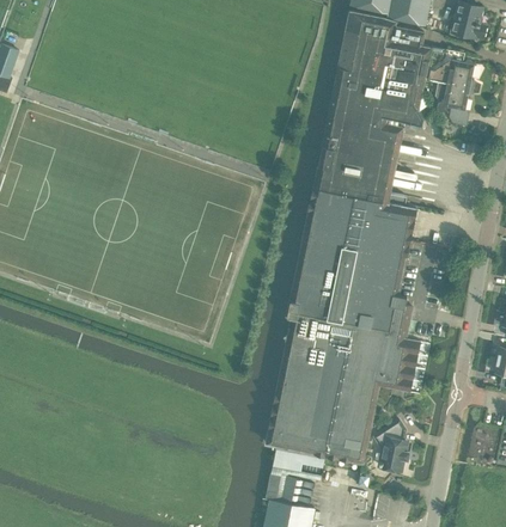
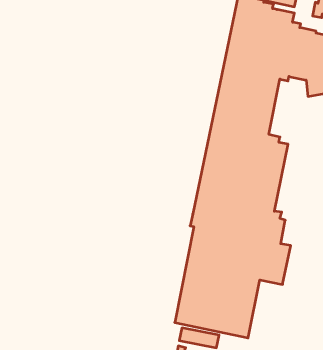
building: [374,418,407,468] -> none

